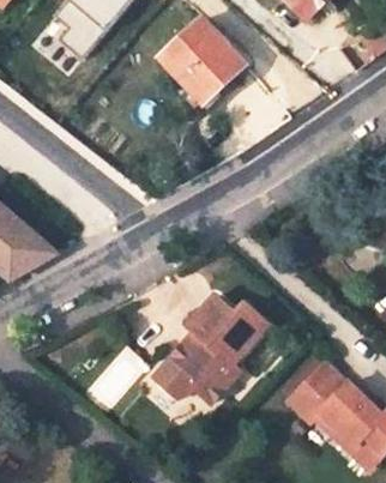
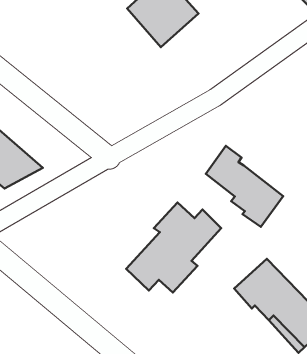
building: none -> [206,146,283,227]

